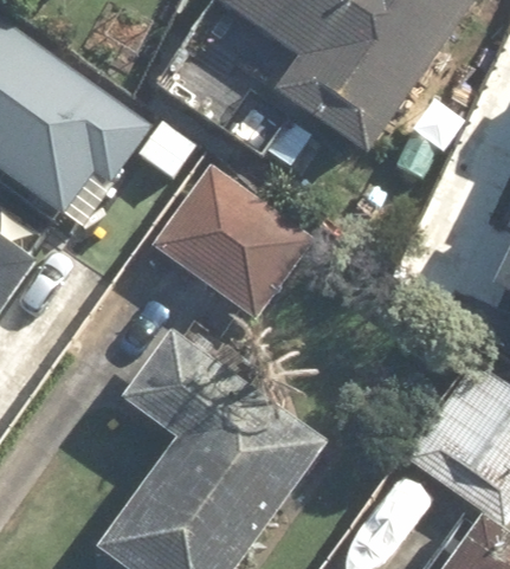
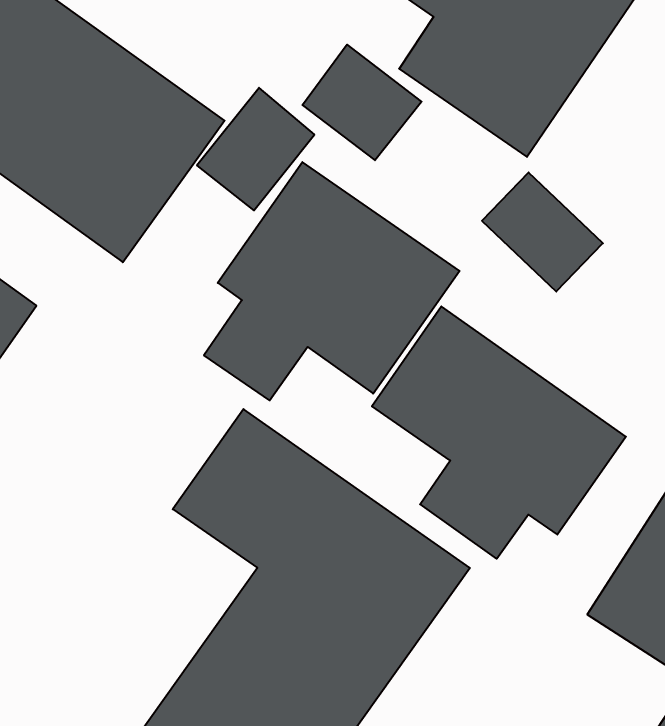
building: none -> [372,306,626,559]

